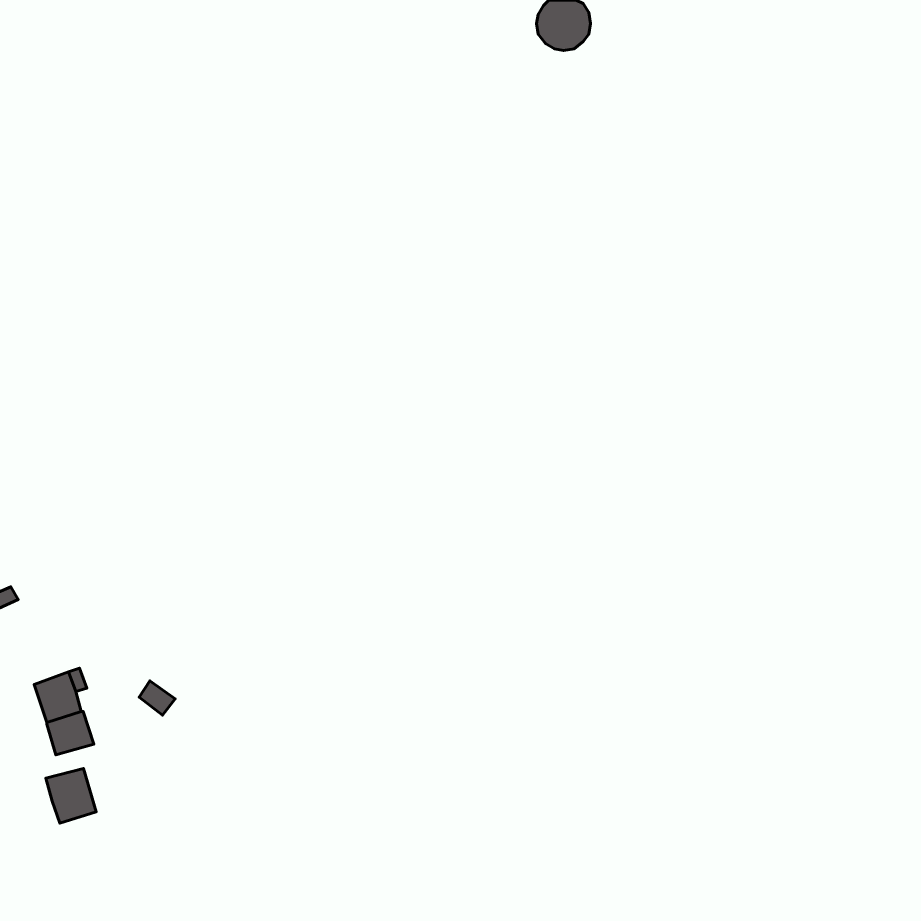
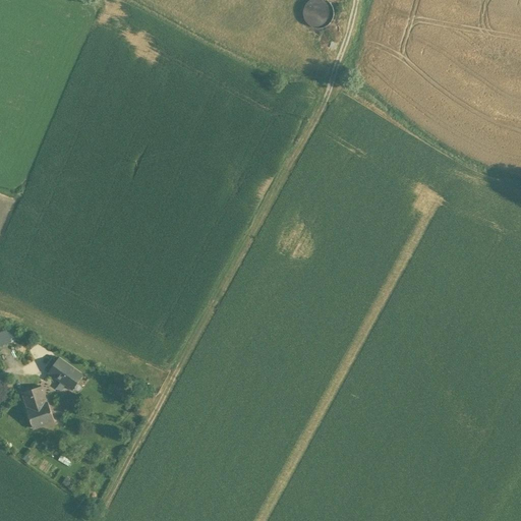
building: none -> [49,358,82,390]
building: [46,768,96,823] -> none

